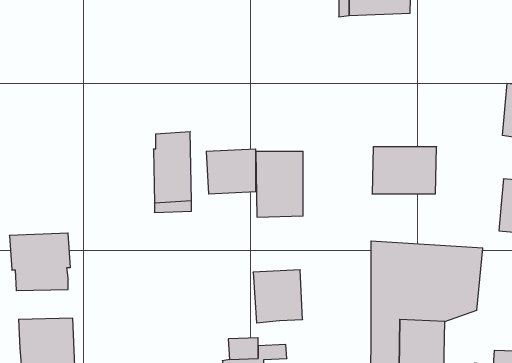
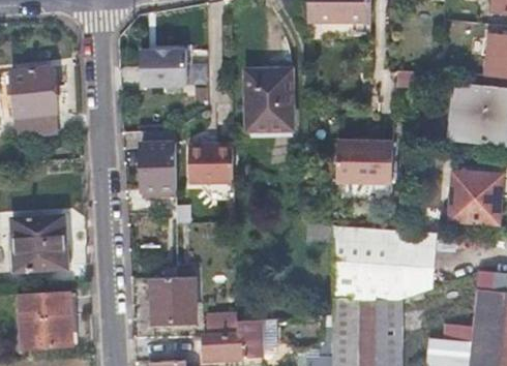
building: none -> [140,50,186,87]
building: none -> [13,67,56,136]
building: [256,151,303,217] -> [246,70,289,129]
building: [253,270,303,323] -> [151,276,196,324]

